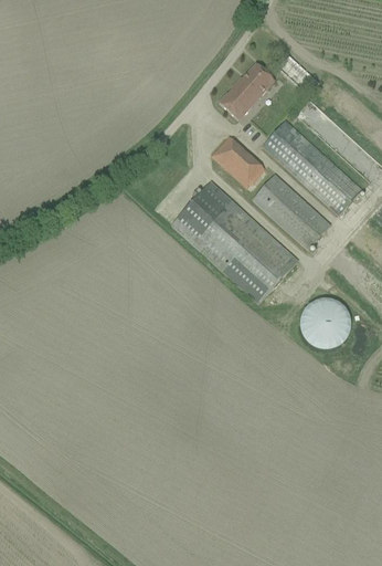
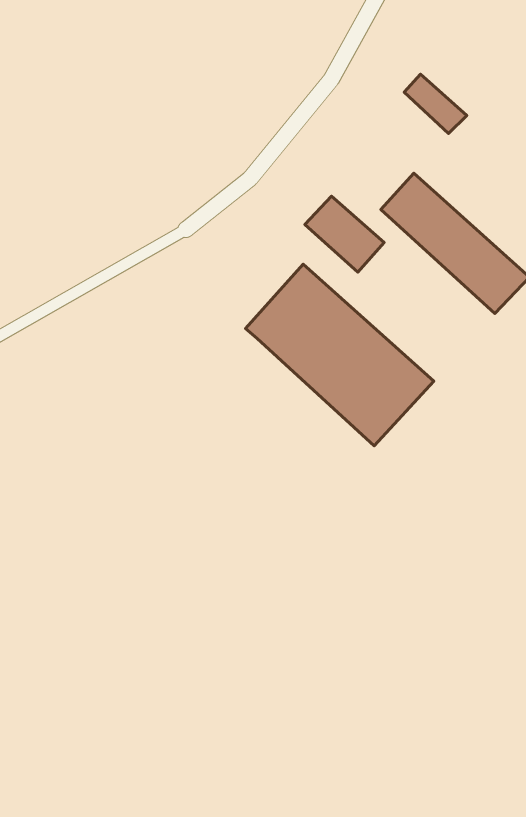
building: [219,62,276,119] -> none
building: [253,175,330,249] -> none
building: [300,298,351,349] -> none

